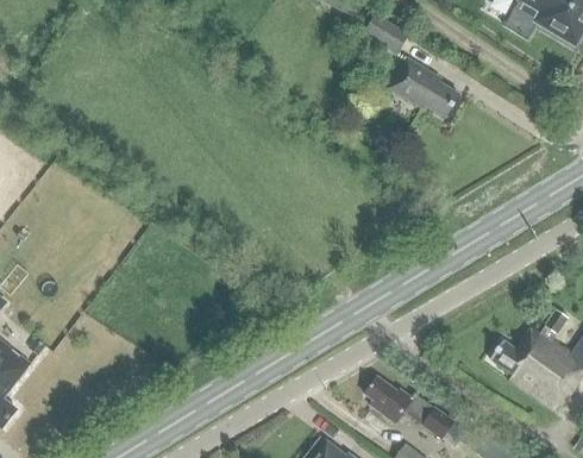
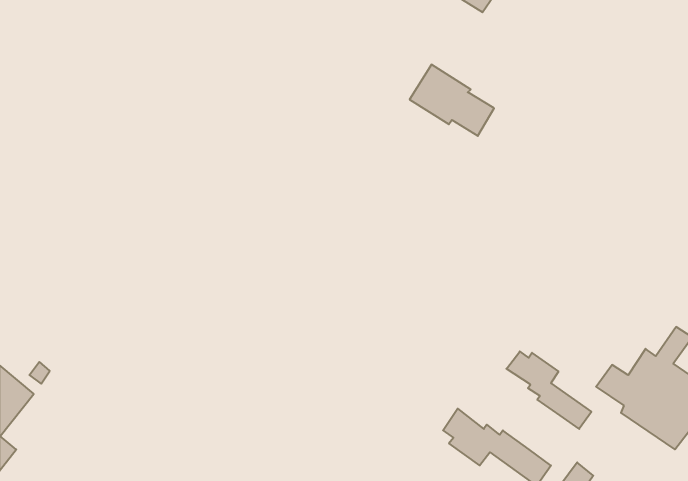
building: [389,58,458,117] -> [410,65,494,136]
building: none -> [506,351,591,429]

